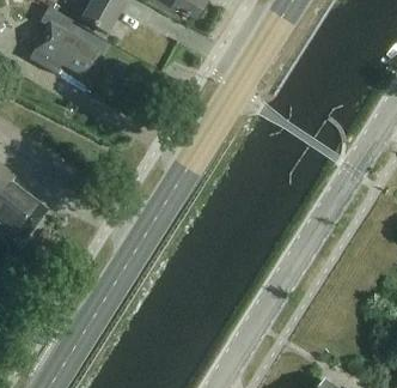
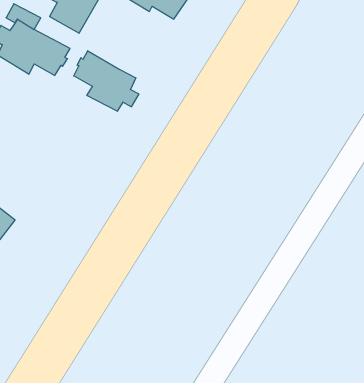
building: none -> [74,51,139,111]

